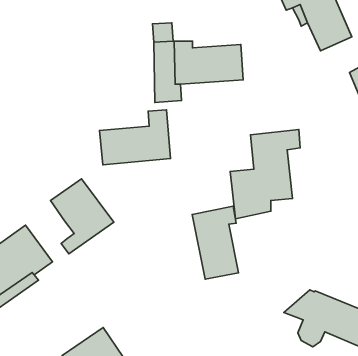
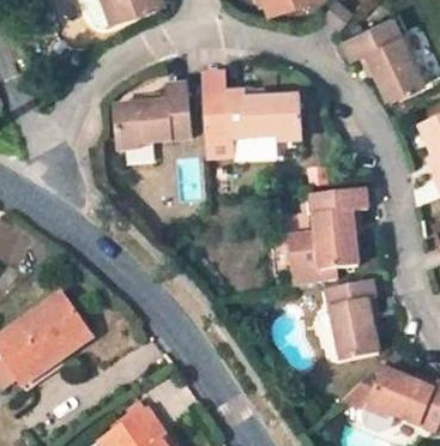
building: [100,110,171,165] -> [111,85,191,146]
building: [51,179,114,254] -> none
building: [192,206,238,279] -> [326,281,378,362]

